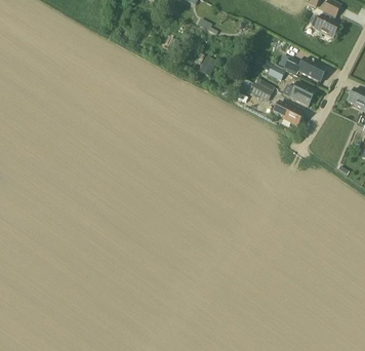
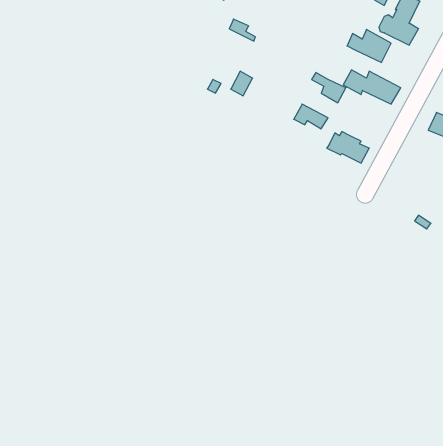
building: [283,80,316,105] -> [347,29,391,62]

